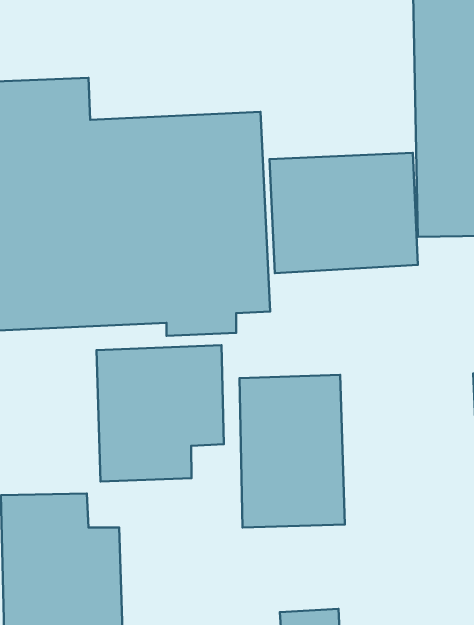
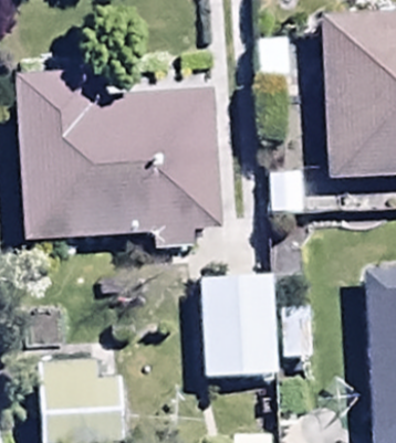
building: [270,153,418,273] -> none
building: [96,345,224,482] -> none

